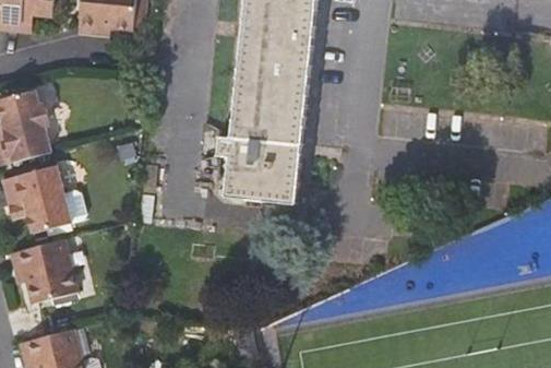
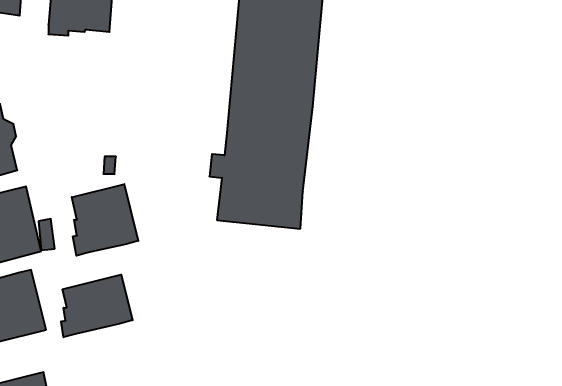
building: none -> [72,184,138,256]
building: none -> [61,275,133,337]

